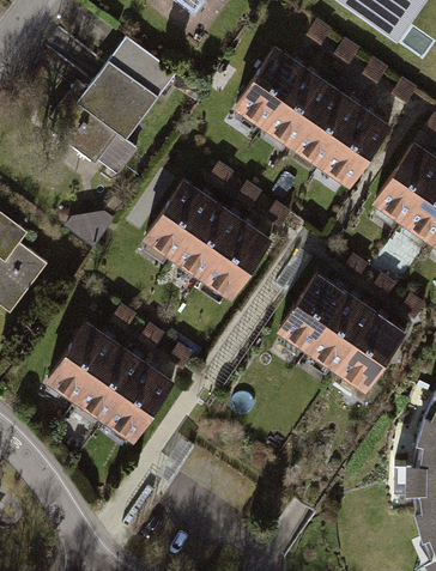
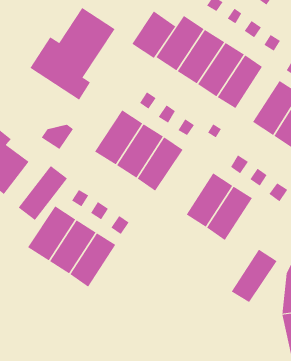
building: none -> [131,11,176,59]
building: none -> [18,165,68,221]
building: [334,315,402,394] -> [231,249,277,303]

